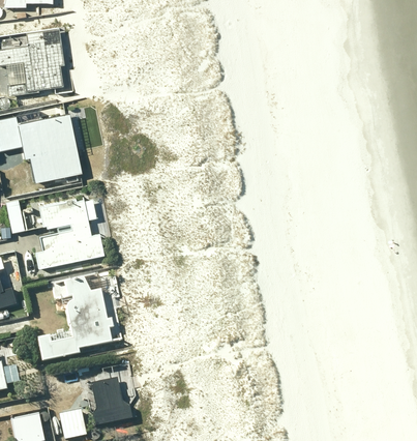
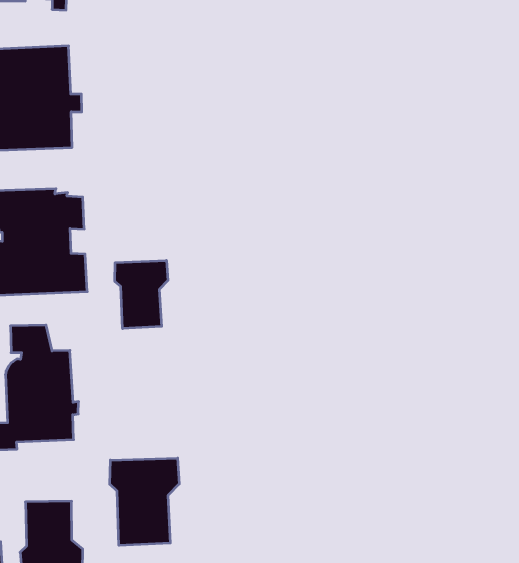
building: none -> [115,260,168,329]
building: none -> [110,458,179,545]

